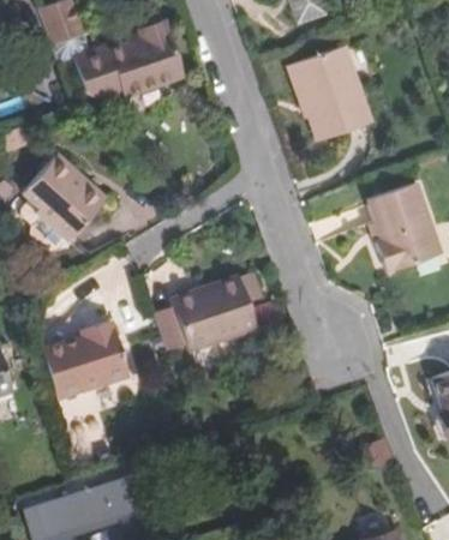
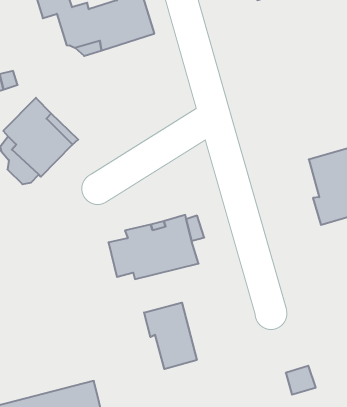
building: [289,47,373,143] -> none
building: [41,320,130,400] -> none
building: none -> [144,303,197,369]

